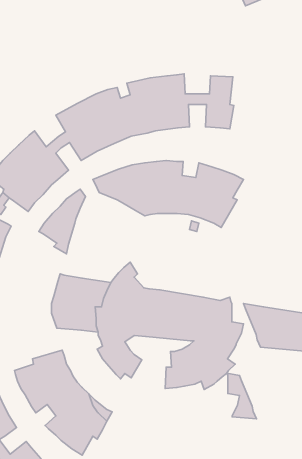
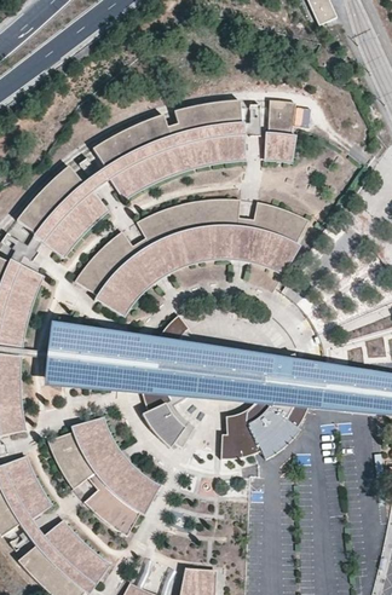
building: none -> [108,235,197,316]
building: none -> [46,322,100,389]
building: [227,373,256,419] -> [295,359,329,411]

